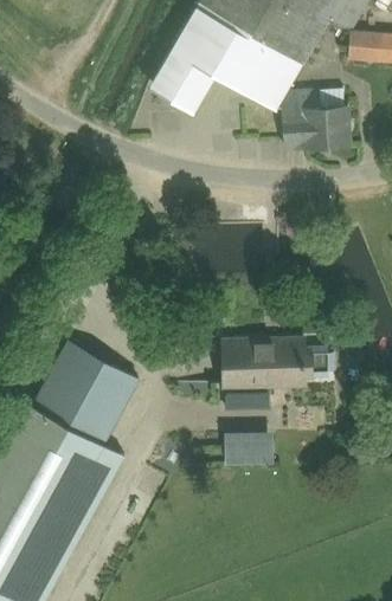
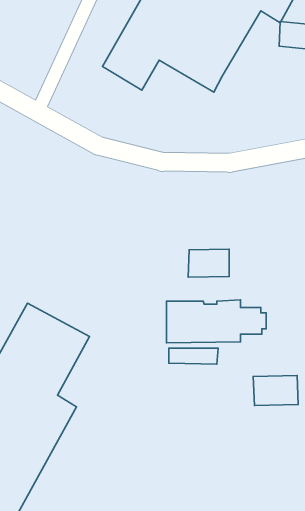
building: [275,90,349,150] -> none
building: none -> [188,249,229,277]
building: [226,429,276,463] -> [253,375,298,405]

